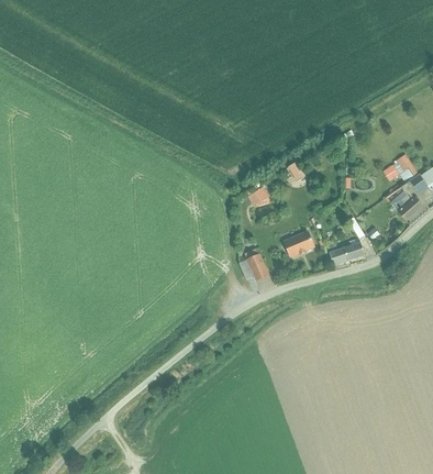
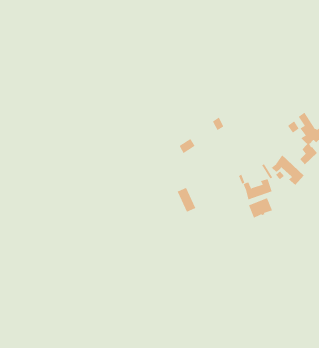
building: none -> [271,155,305,186]
building: [282,231,313,257] -> [248,197,273,218]

